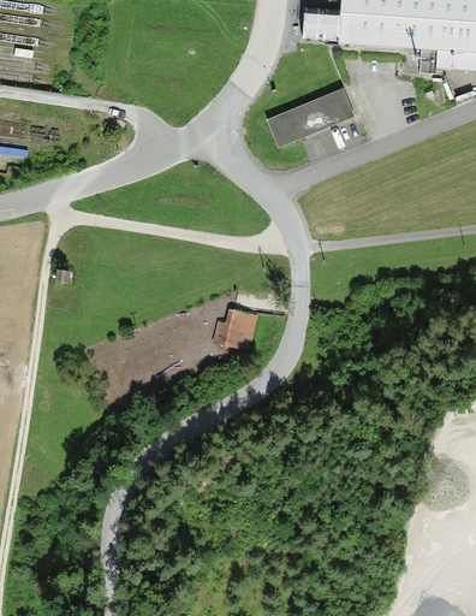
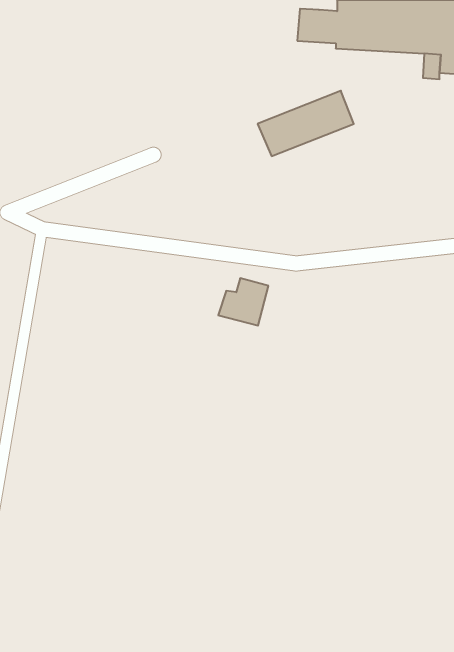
building: [212,309,258,354] -> [218,278,268,326]

